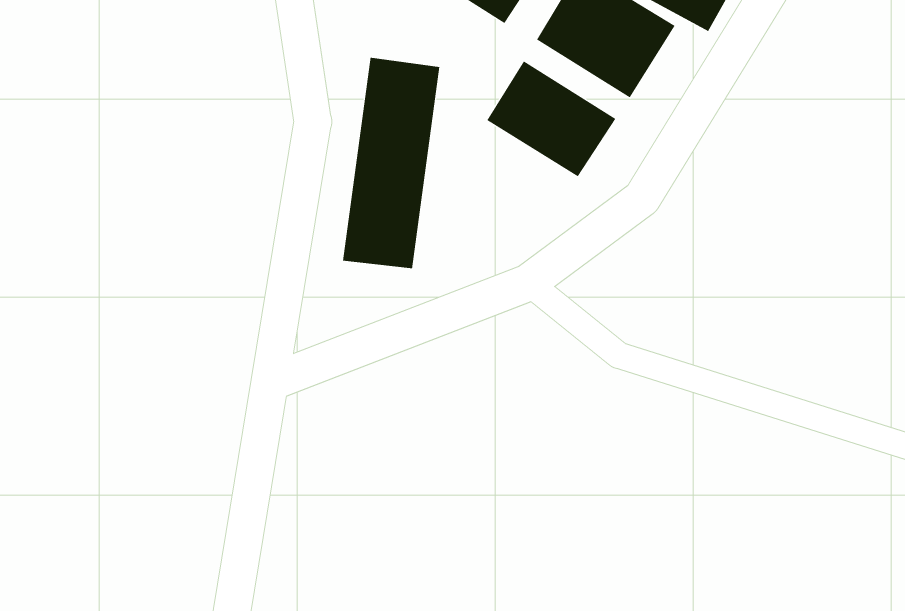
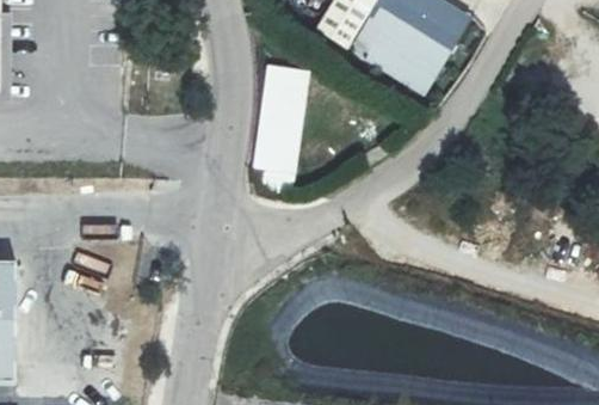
building: [487,60,616,177] -> none

